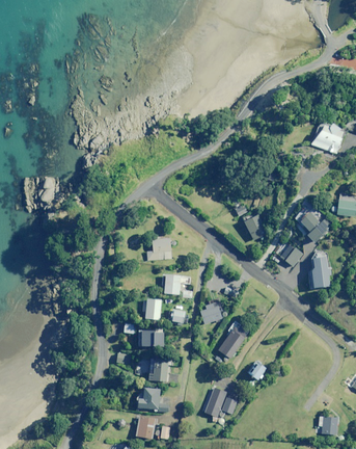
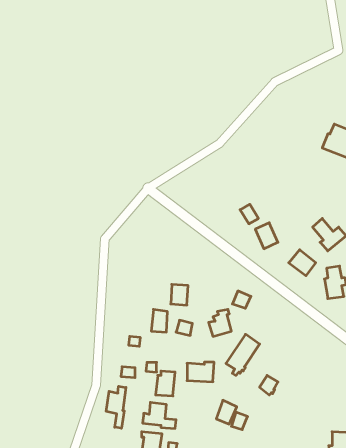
building: [146,239,171,261] -> none
building: [138,328,164,347] -> [187,362,214,382]
building: none -> [106,386,126,428]

